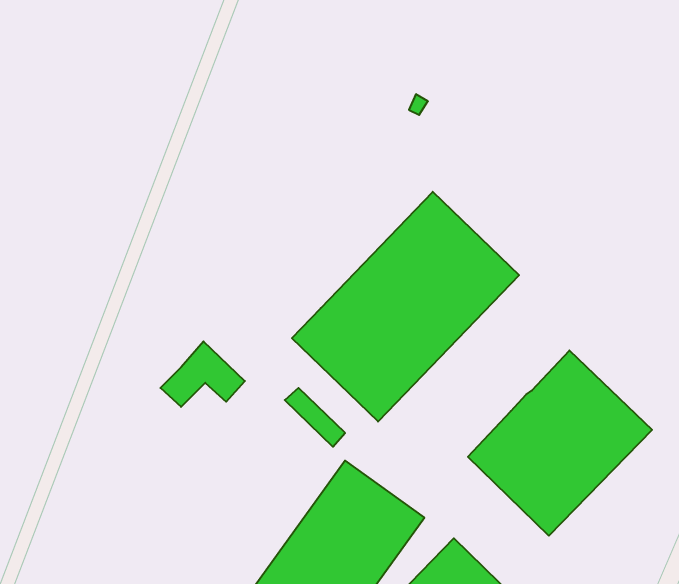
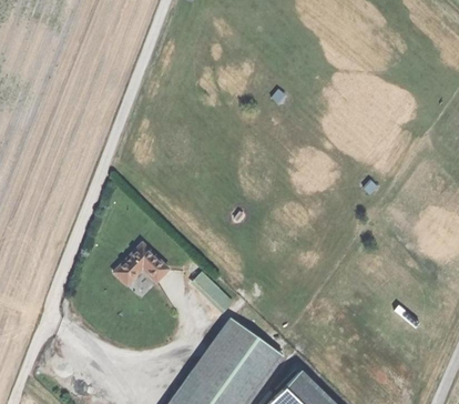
building: [292,192,519,422] -> none
building: [468,350,652,536] -> none

